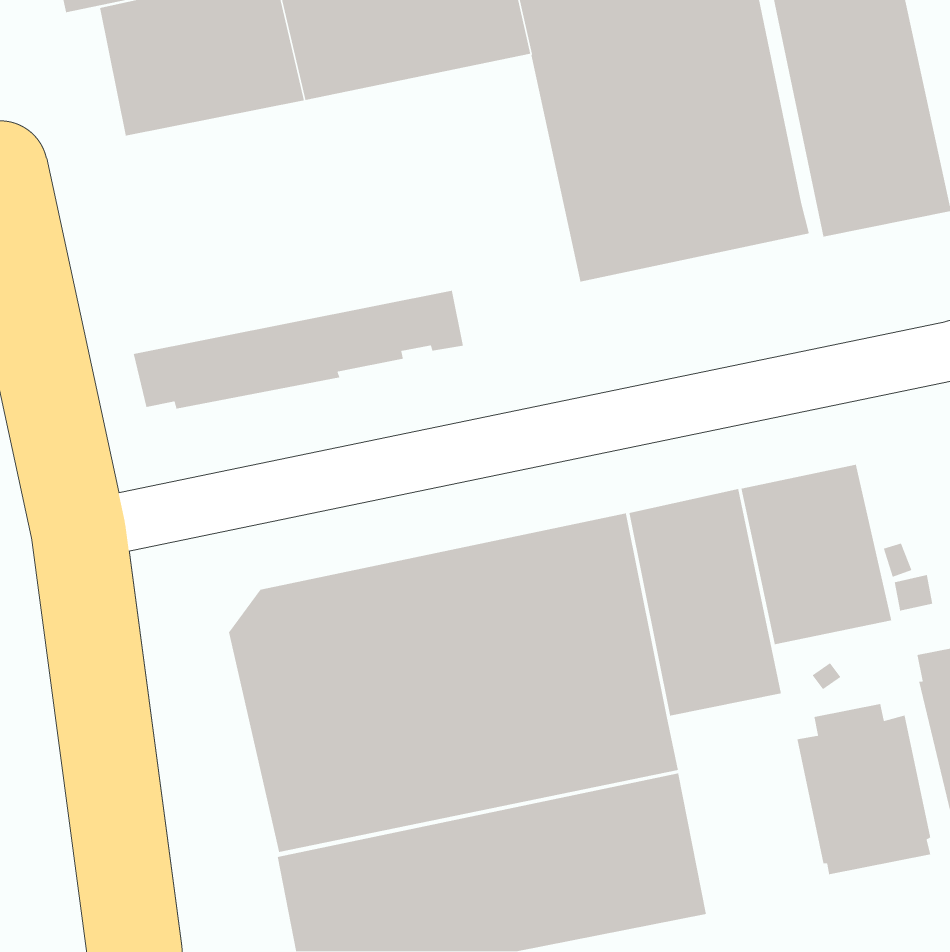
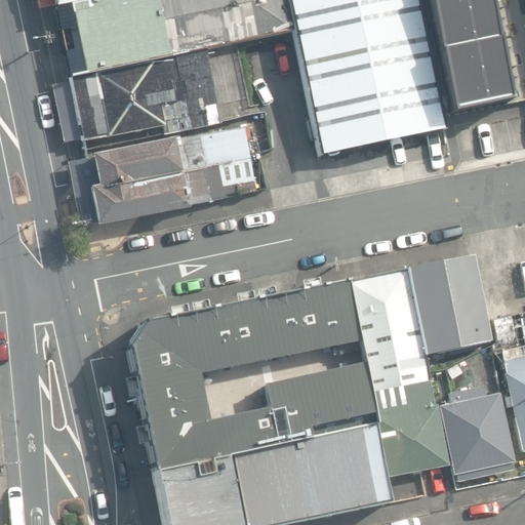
building: none -> [52,46,241,154]
building: none -> [70,126,251,194]
building: none -> [372,381,449,476]

